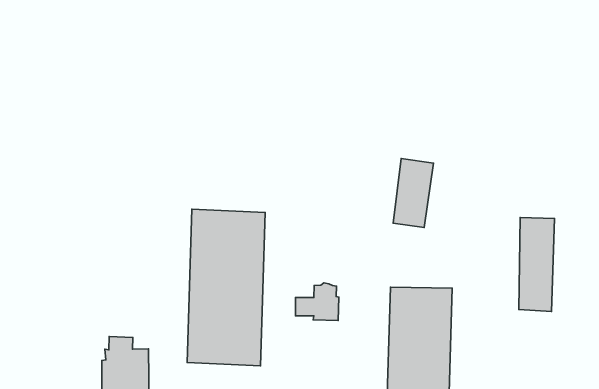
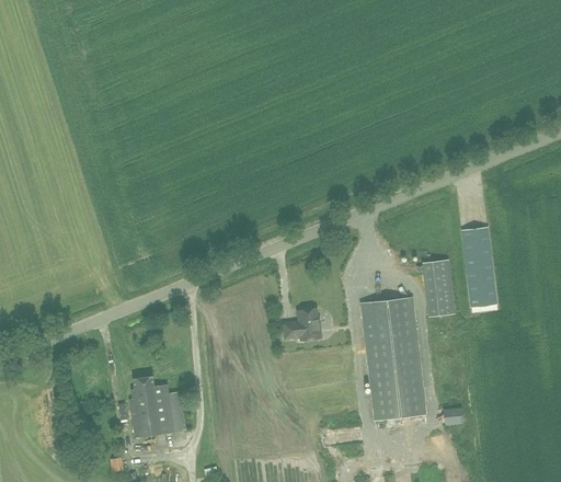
building: [393,158,433,228] -> [424,254,451,309]
building: [187,209,265,366] -> none

